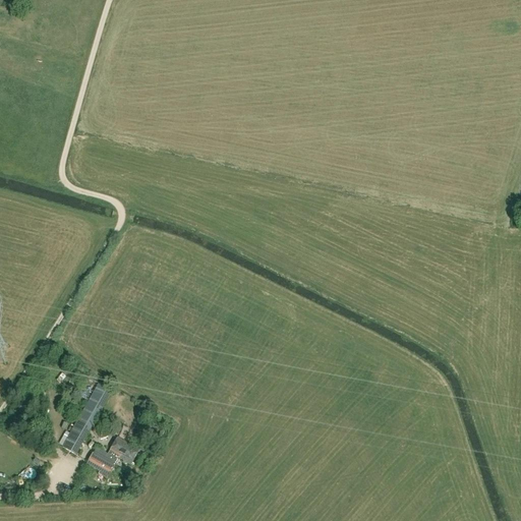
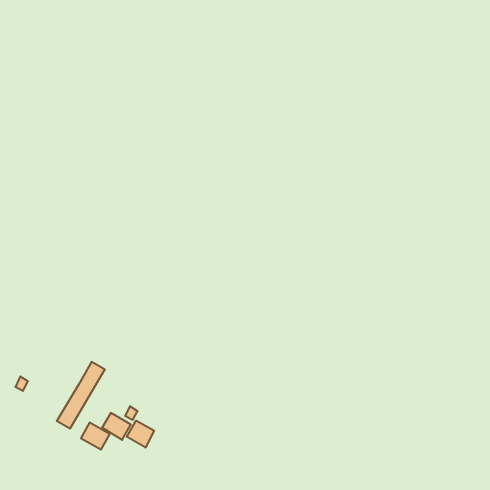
building: none -> [127,421,154,448]

